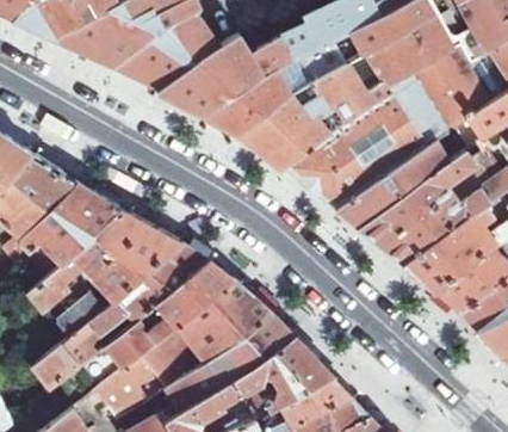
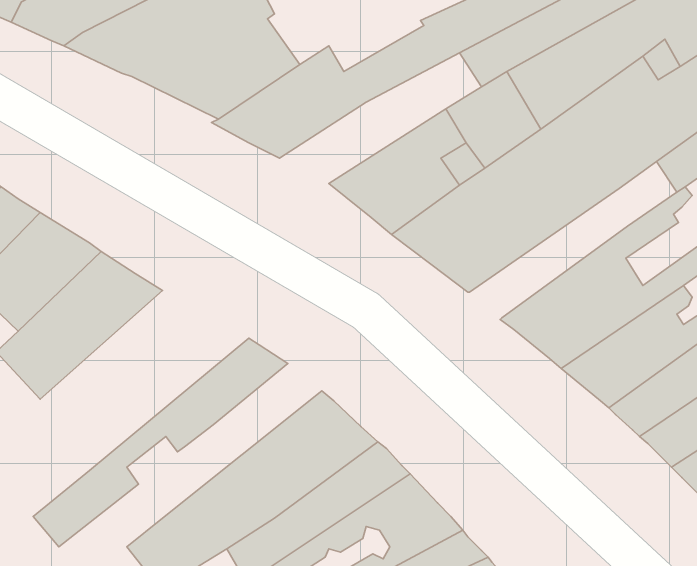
building: [203,42,345,134] -> none
building: [336,137,447,228] -> none
building: [30,209,181,335] -> none
building: [76,260,233,385] -> none

